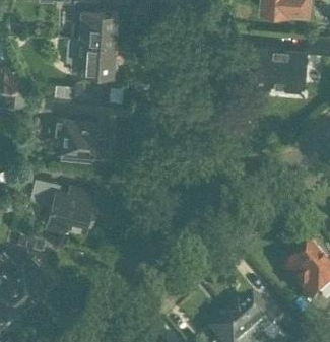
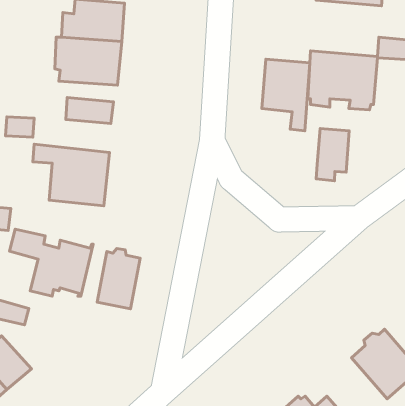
building: none -> [262,59,310,131]
building: none -> [316,129,349,181]
building: none -> [97,249,140,309]

